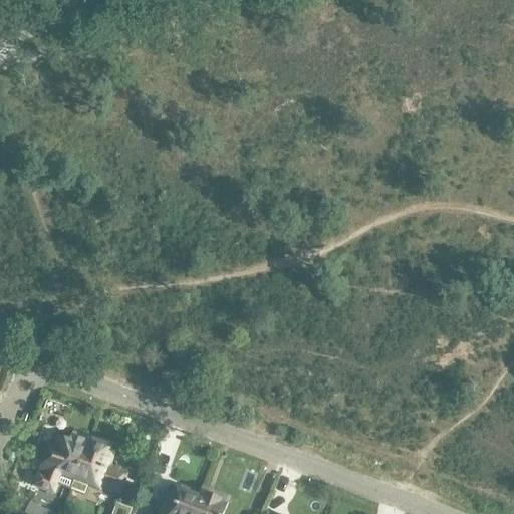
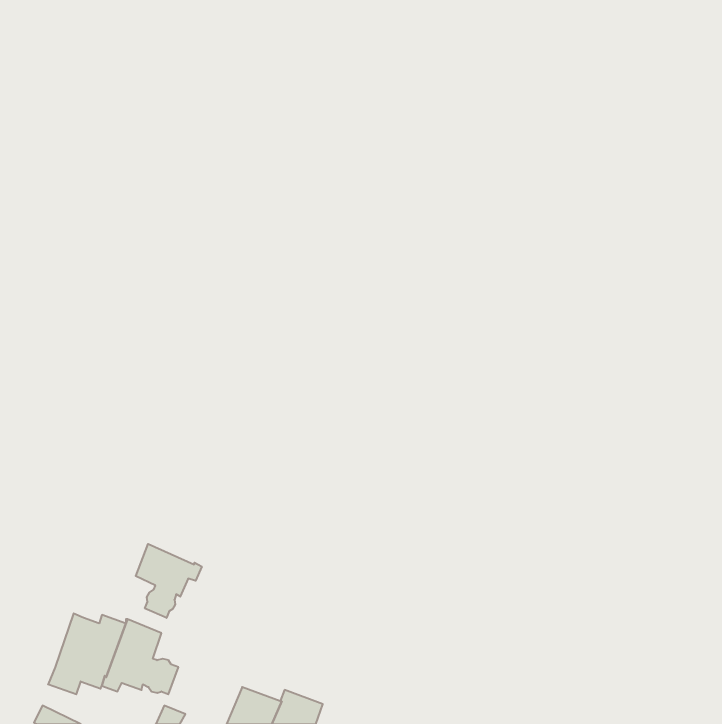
building: none -> [136,544,202,618]

